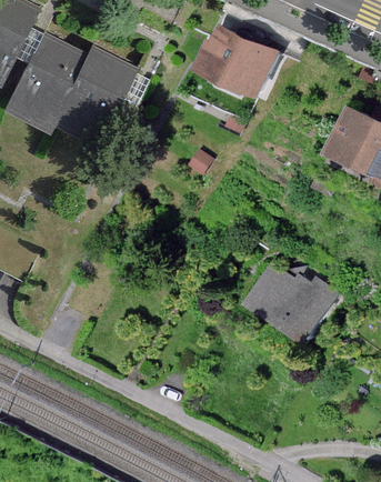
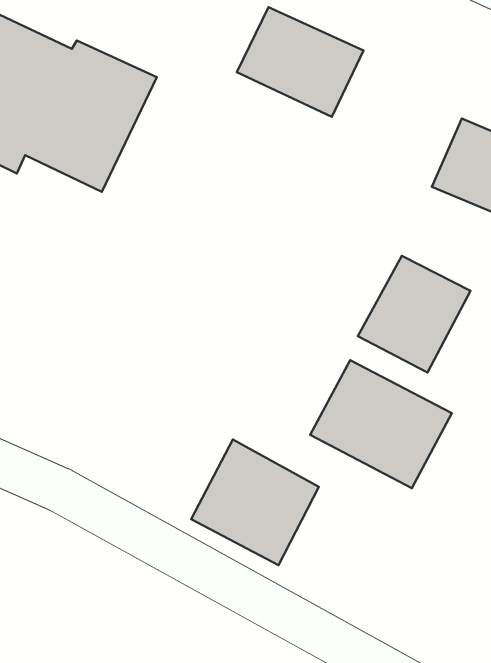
building: none -> [358,256,470,373]
building: none -> [191,440,319,565]

